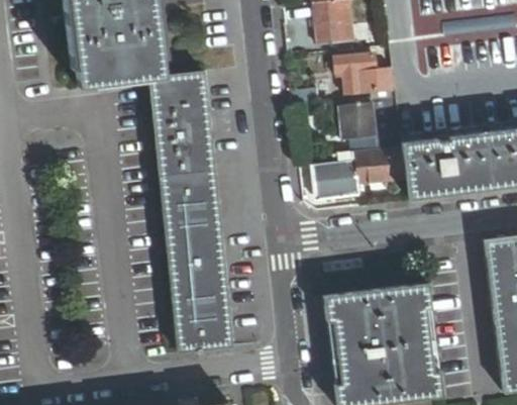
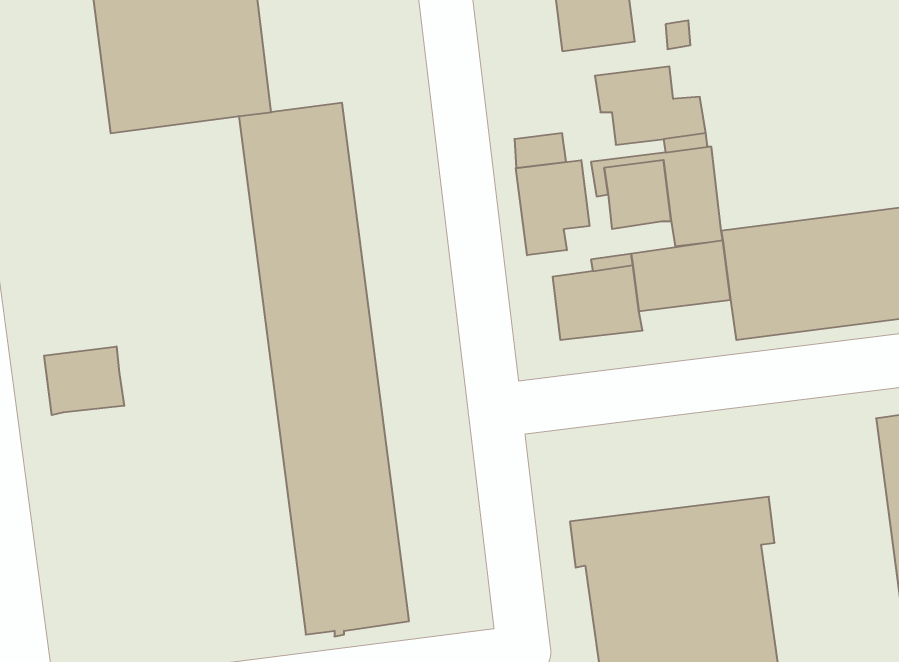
building: none -> [516,160,589,255]
building: none -> [44,346,124,415]

